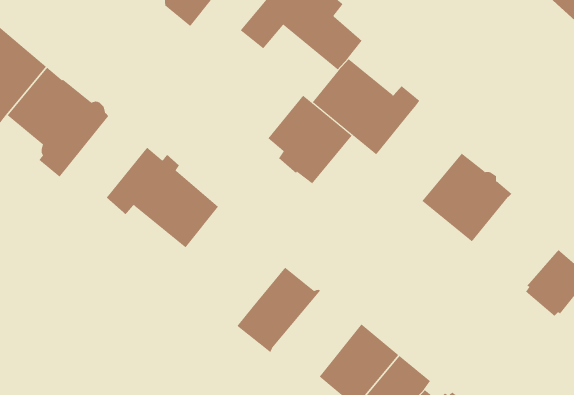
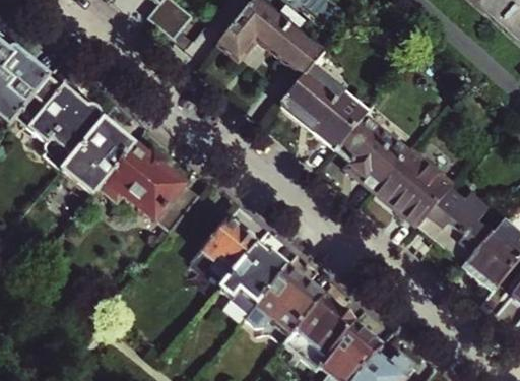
building: [268,95,352,184] -> [336,112,409,189]
building: none -> [63,116,138,200]
building: none -> [418,186,493,263]
building: none -> [194,217,260,280]
building: none -> [247,260,323,340]

